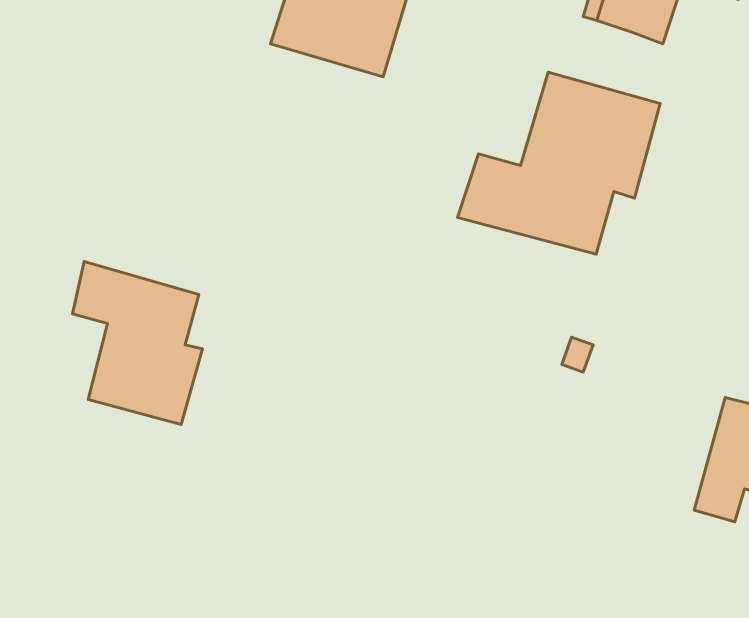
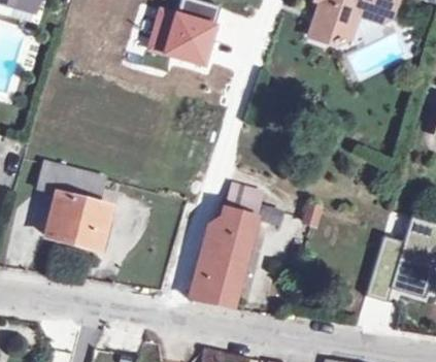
building: [458,72,660,254] -> none
building: none -> [190,184,277,307]

